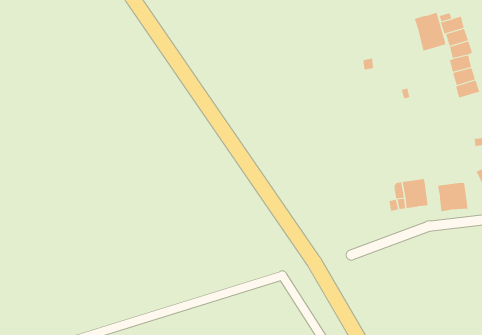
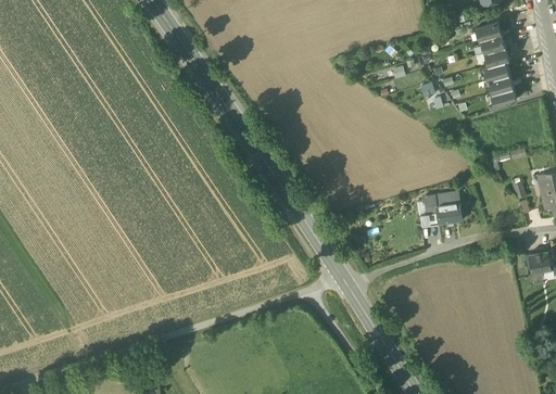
building: [414,12,446,51] -> none
building: [438,182,468,212] -> none

